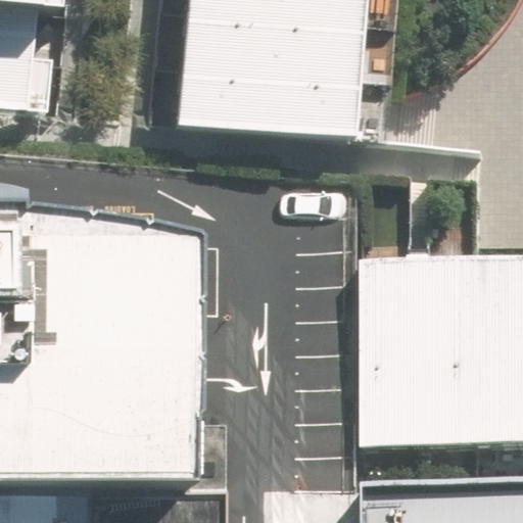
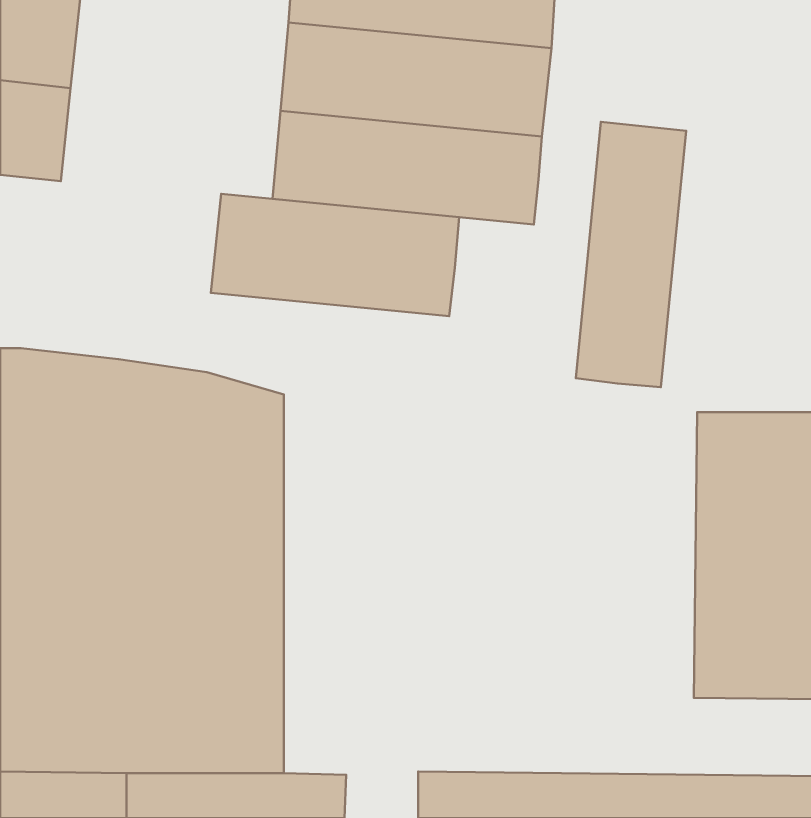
building: none -> [576,122,686,387]
building: none -> [211,194,459,316]
building: [369,262,449,444] -> none

